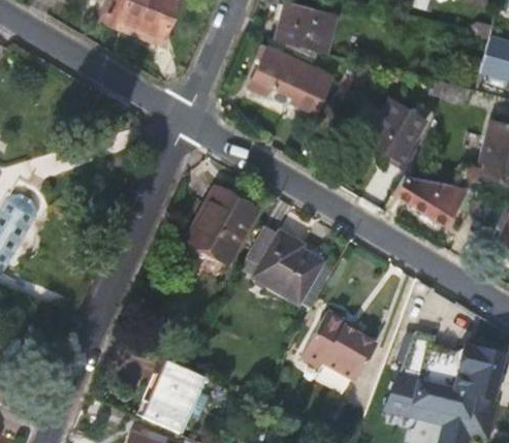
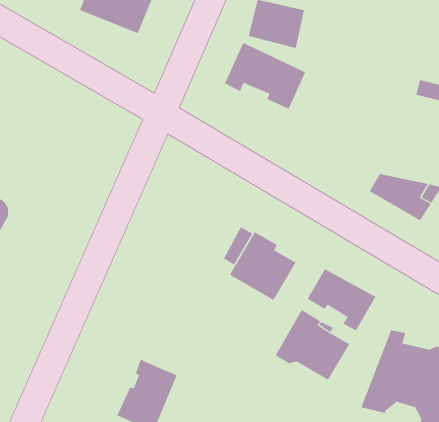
building: [364,110,420,171] -> none
building: [188,188,260,263] -> none
building: none -> [307,268,376,331]

